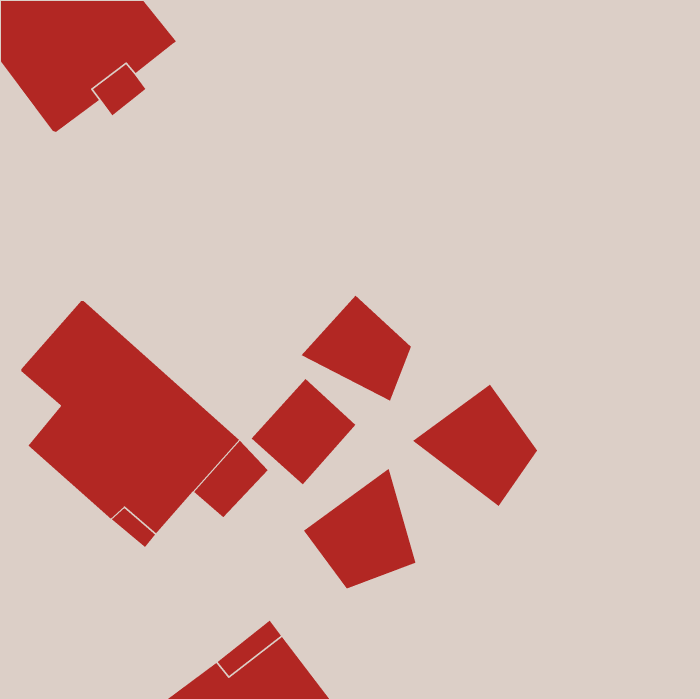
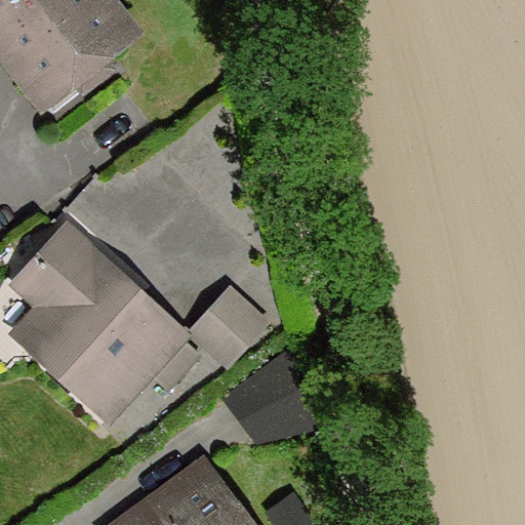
building: [301,295,412,402] -> none
building: [412,384,538,507] -> none

